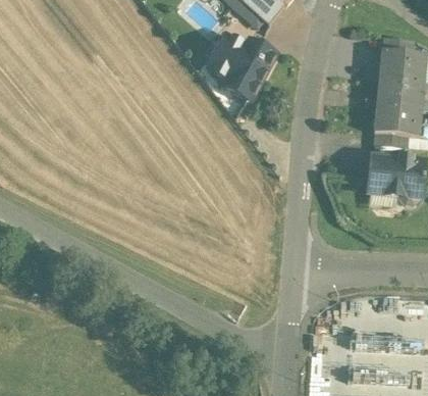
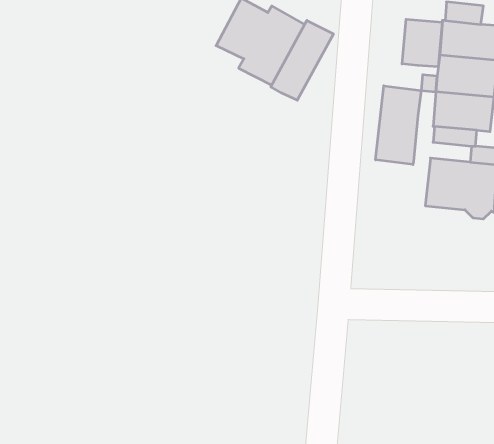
building: none -> [402,19,442,67]
building: none -> [271,20,333,100]
building: none -> [376,86,421,165]

